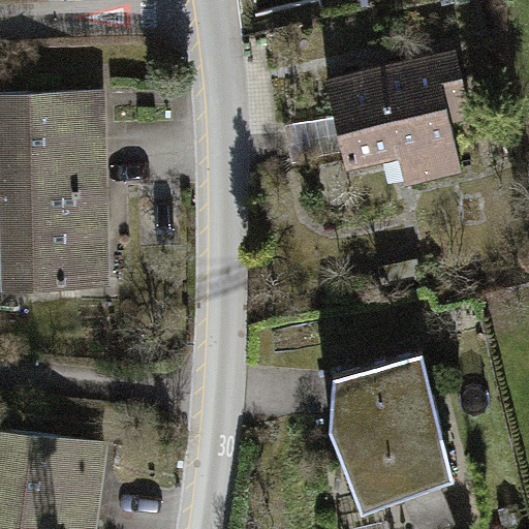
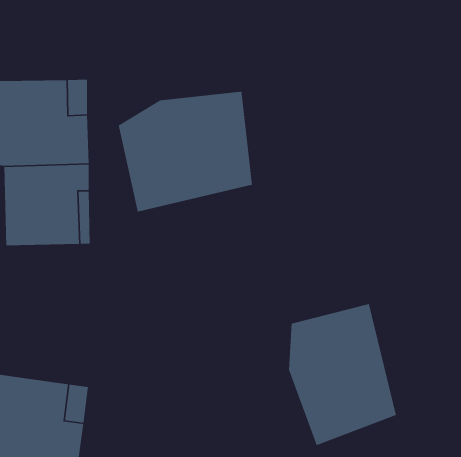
building: [326,56,470,184] -> none
building: none -> [118,91,253,213]

